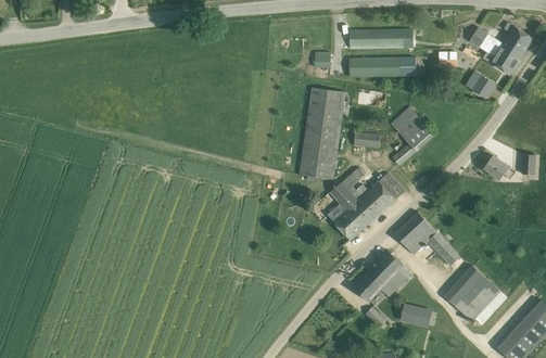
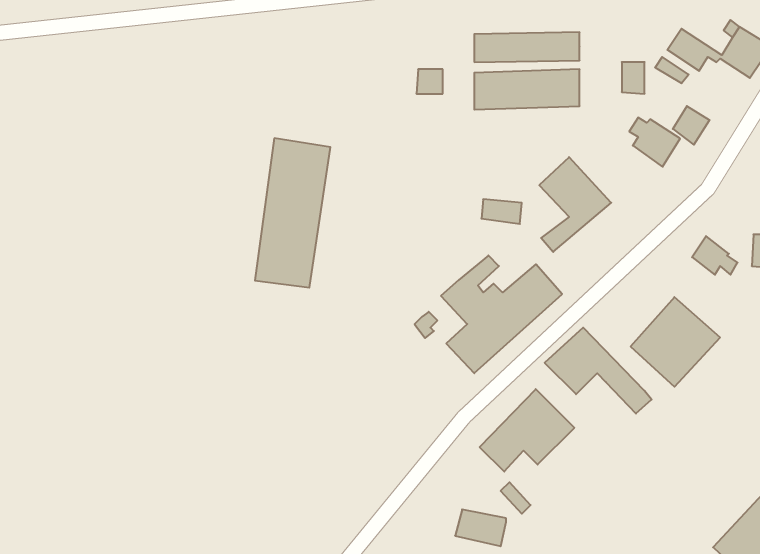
building: [488,44,520,75] -> [629,118,680,167]
building: [299,87,345,179] -> [255,138,330,288]
building: [444,266,499,321] -> [631,297,720,387]
building: [399,304,431,327] -> [455,509,506,546]

